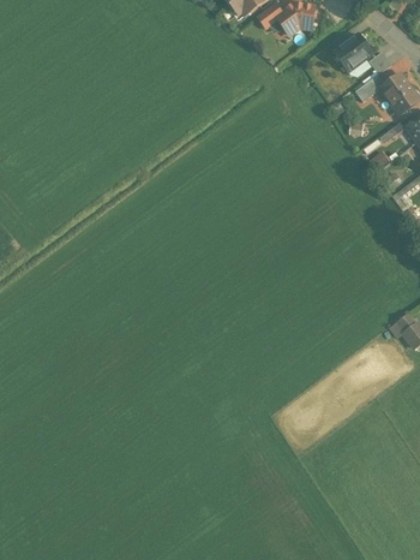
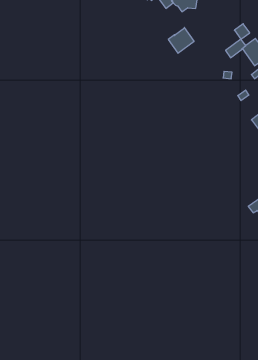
building: [334,34,372,72] -> [168,27,194,53]

